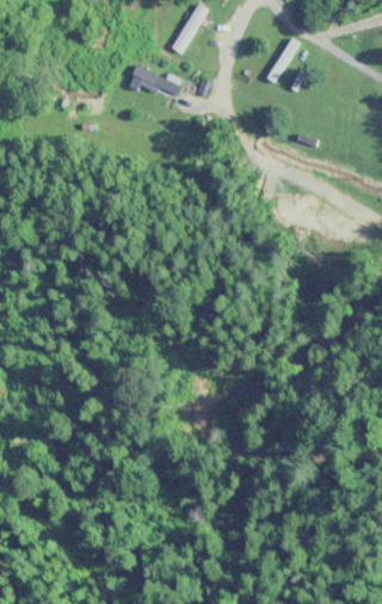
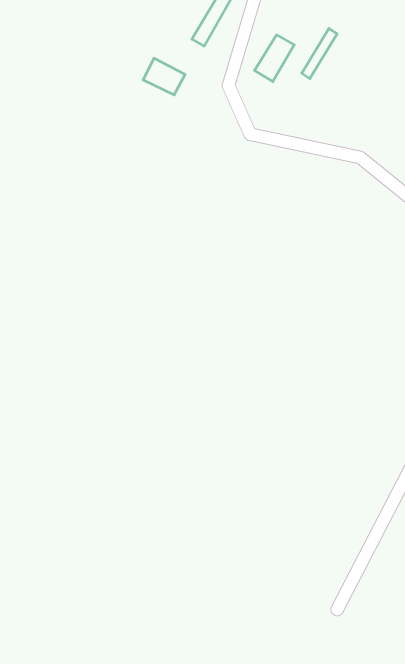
building: none -> [254,35,294,82]

